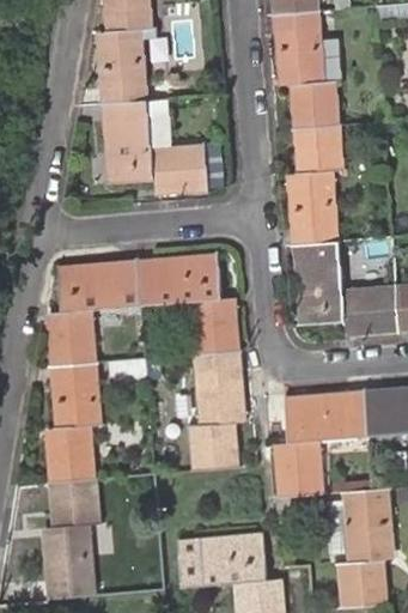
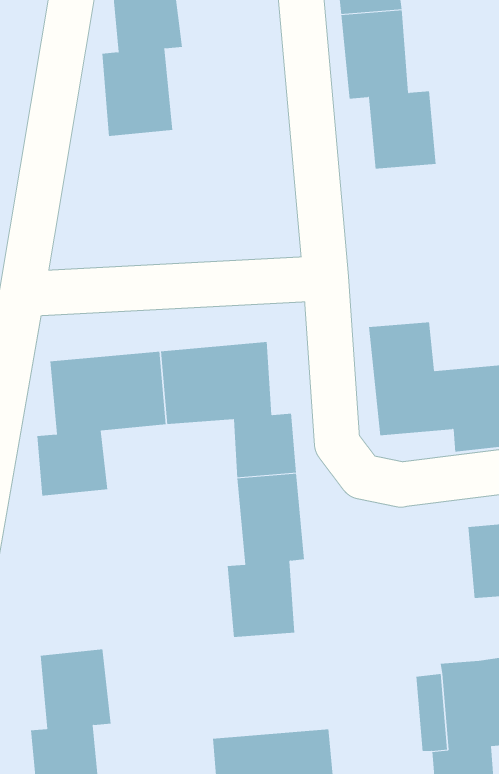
building: [99,97,207,193] -> none
building: [286,122,347,242] -> none
building: [45,362,105,484] -> none
building: [275,389,369,496] -> none

